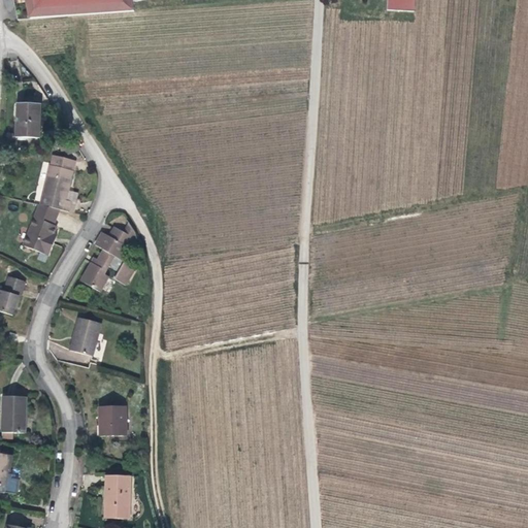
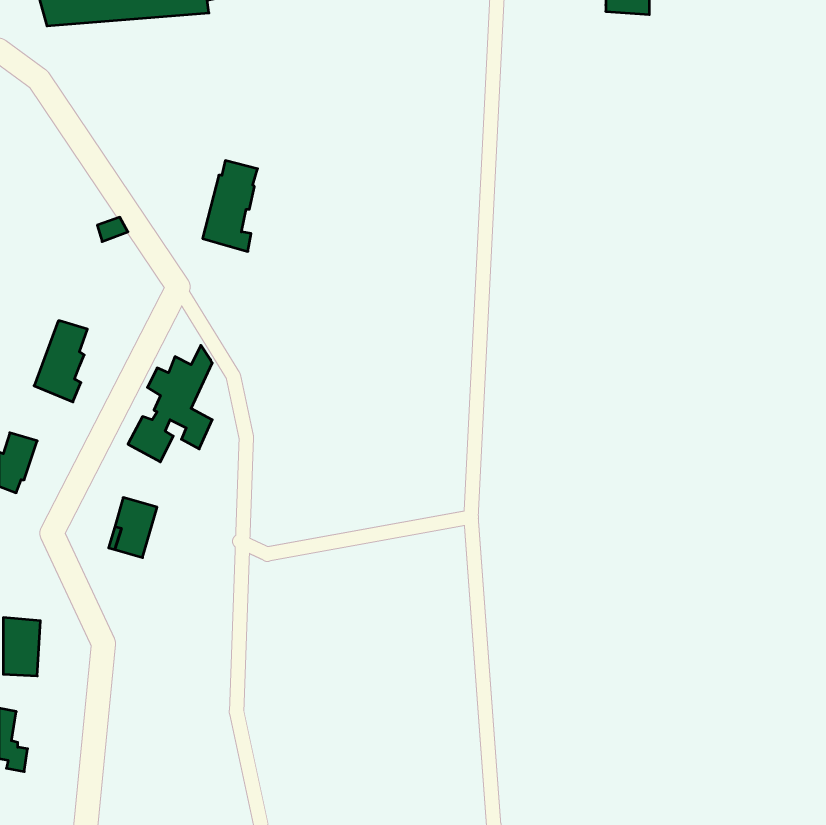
building: [15,100,38,133] -> none
building: [38,155,73,212] -> [203,161,258,251]
building: [97,406,125,435] -> none
building: [105,474,130,519] -> none

